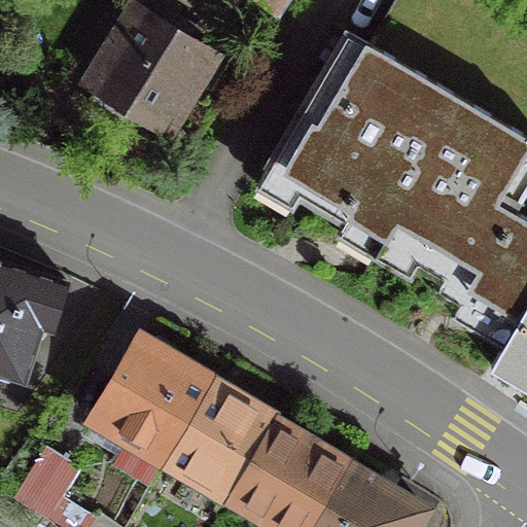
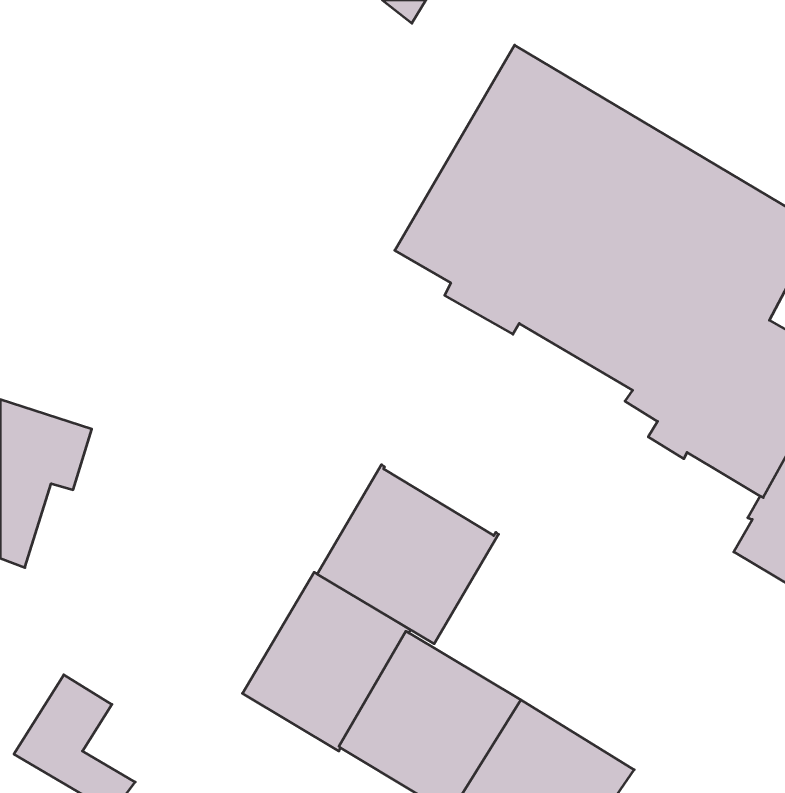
building: [89,10,213,130] -> none
building: none -> [317,465,499,644]
building: [96,338,214,460] -> none

